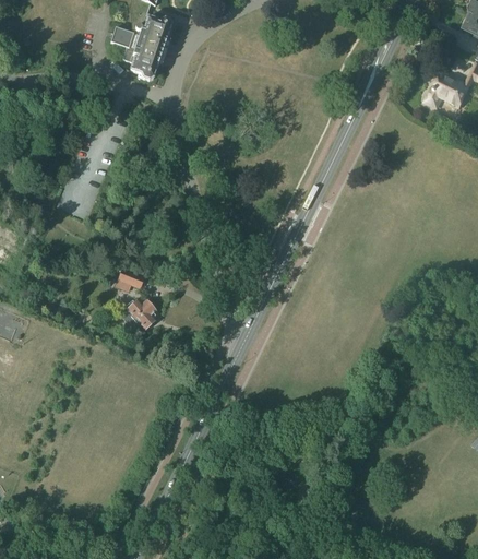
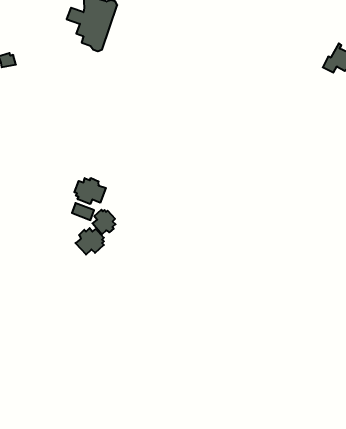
building: none -> [74,178,106,204]
building: none -> [92,210,116,234]

